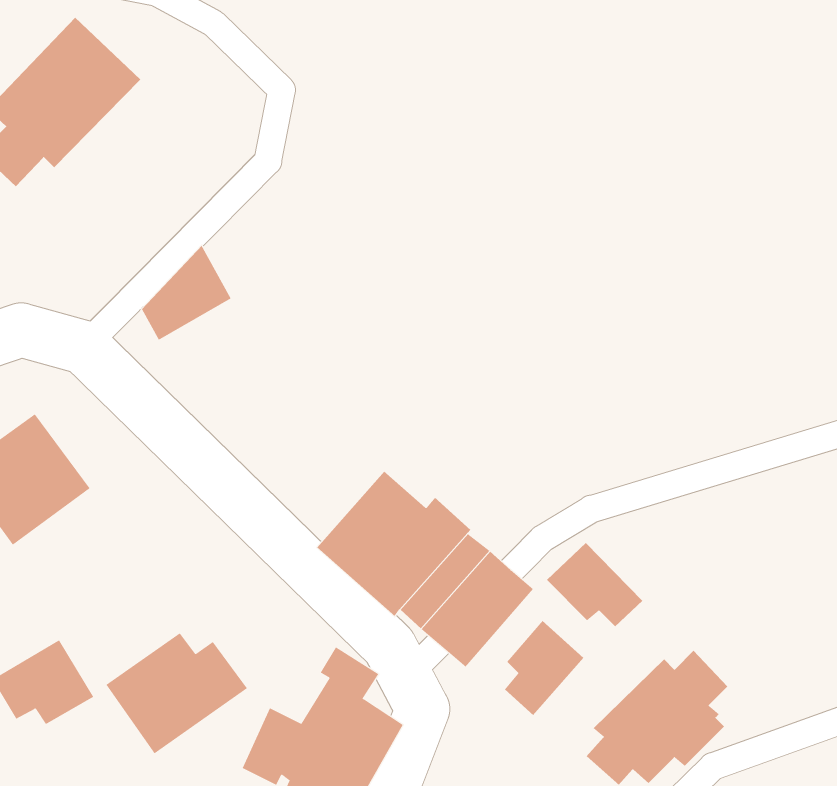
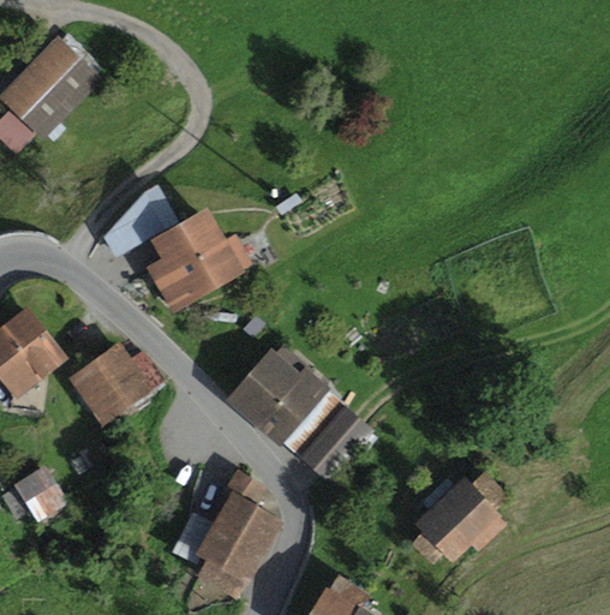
building: none -> [146,208,252,314]
building: [546,542,643,627] -> none
building: [504,620,584,716] -> none
building: [105,633,248,754] -> [68,342,167,426]

